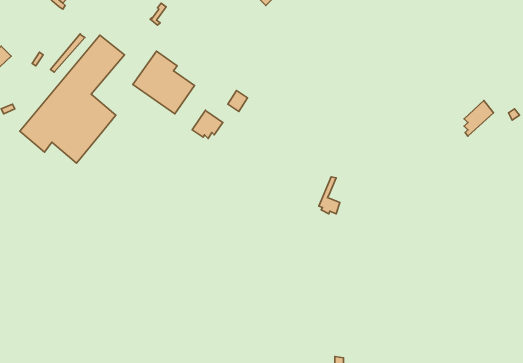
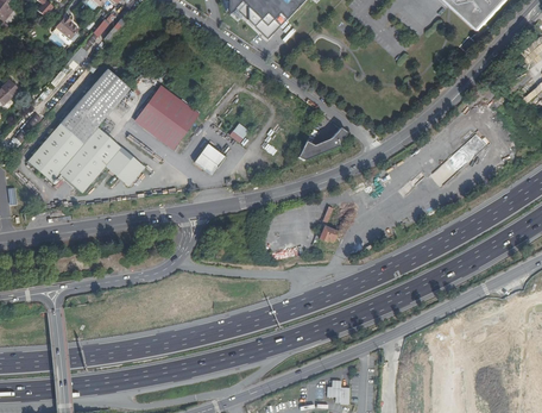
building: none -> [297,127,346,159]
building: none -> [105,146,144,184]

